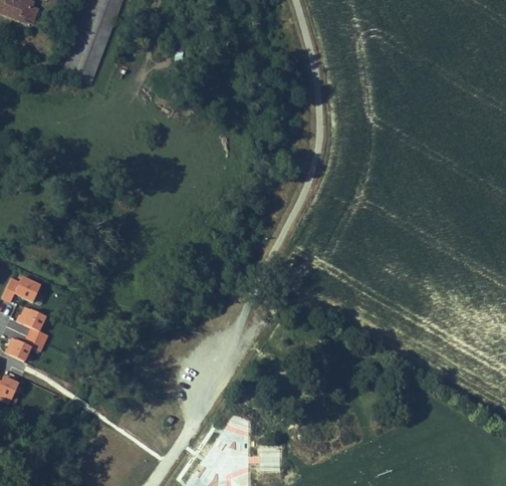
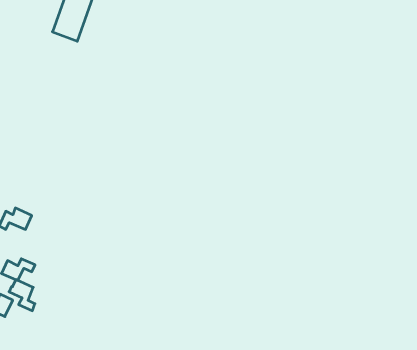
building: [17,306,47,342] -> [9,280,35,311]

